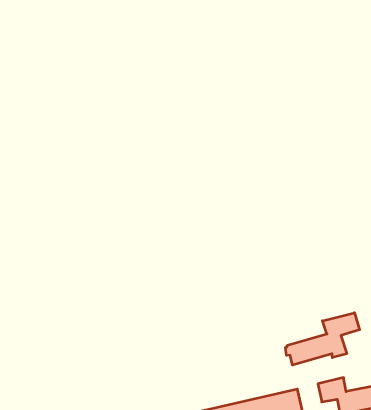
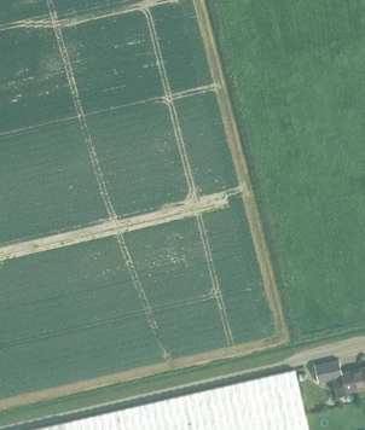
building: [285,313,360,365] -> none

